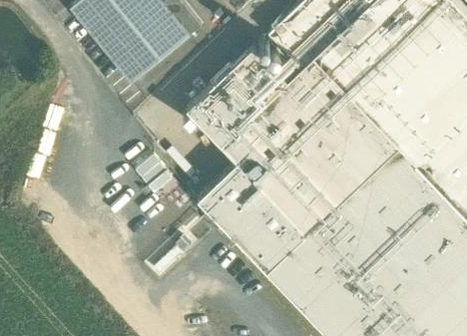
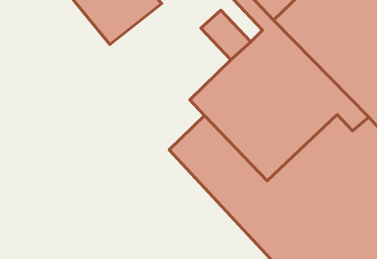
building: [185,66,265,144] -> none

